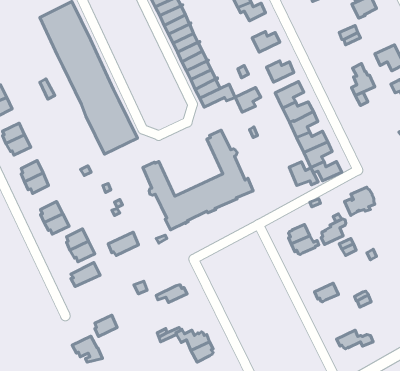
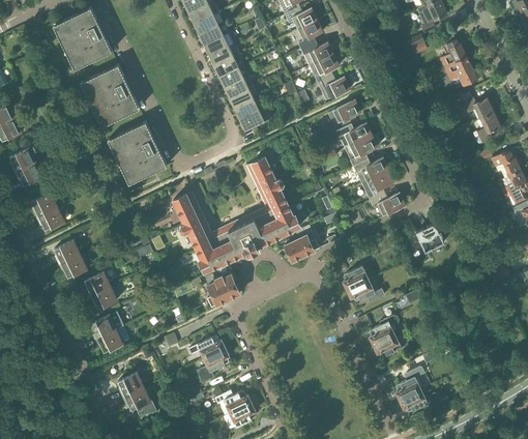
building: none -> [293,20,323,49]
building: [352,64,375,96] -> [440,30,467,67]
building: [235,87,261,112] -> [310,54,340,83]
building: [289,162,318,186] -> none
building: none -> [284,225,320,261]
building: [321,219,346,245] -> [370,315,399,345]
building: none -> [206,270,240,306]
building: [108,232,139,255] -> [95,325,130,352]
building: none -> [198,347,230,382]
building: none -> [395,367,424,400]
building: [72,336,102,362] -> [122,386,157,416]

